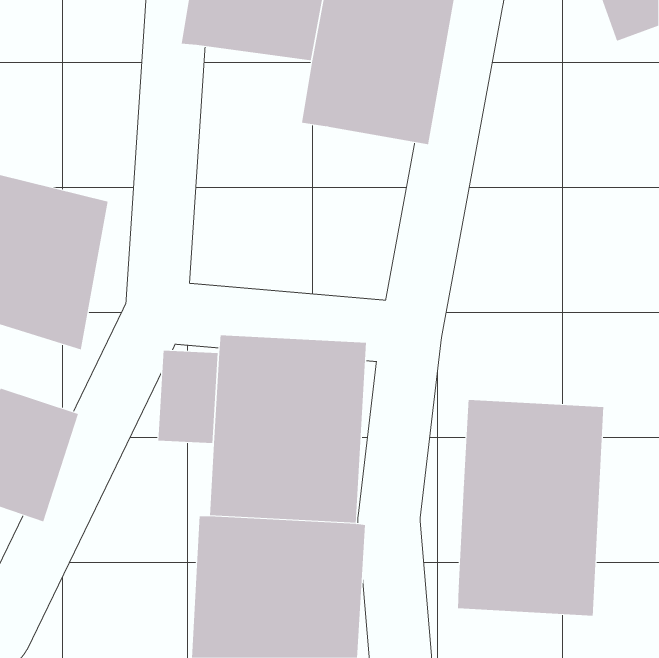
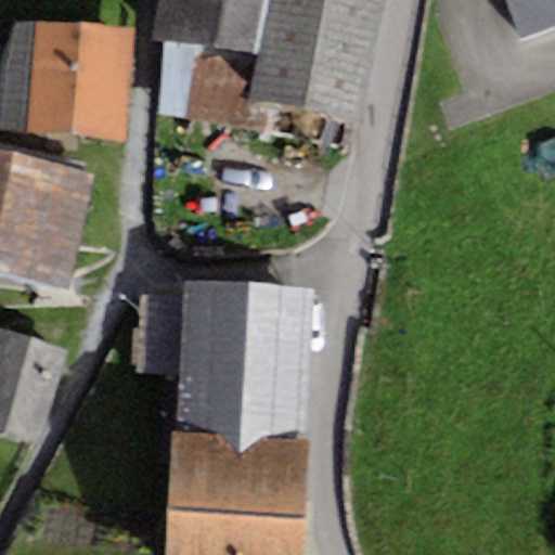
building: none -> [25,20,132,140]
building: none -> [156,38,274,132]
building: [457,399,604,616] -> none

